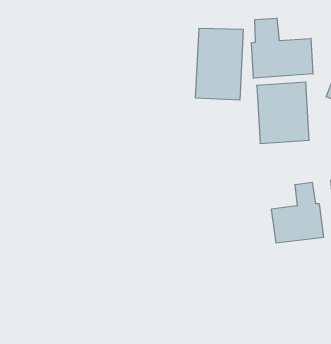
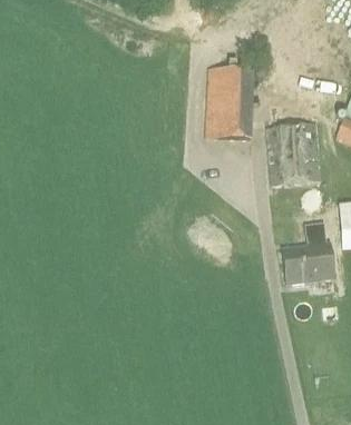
building: [251,18,313,78] -> none

